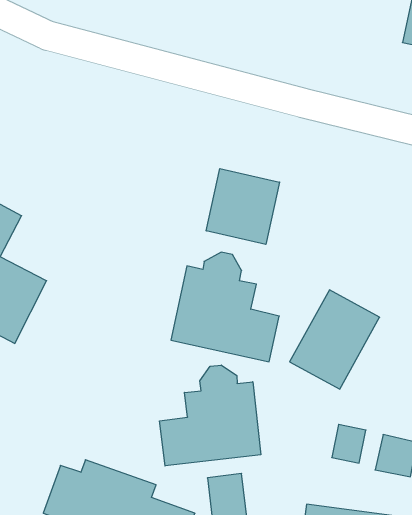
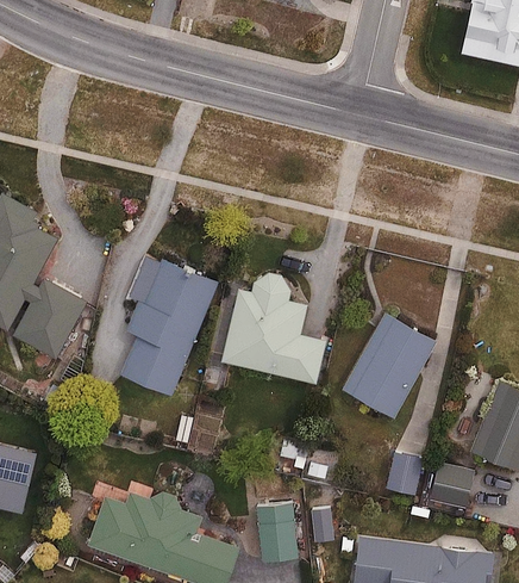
building: [206,169,280,244] -> none
building: none -> [118,260,217,392]
building: [160,365,261,466] -> none

